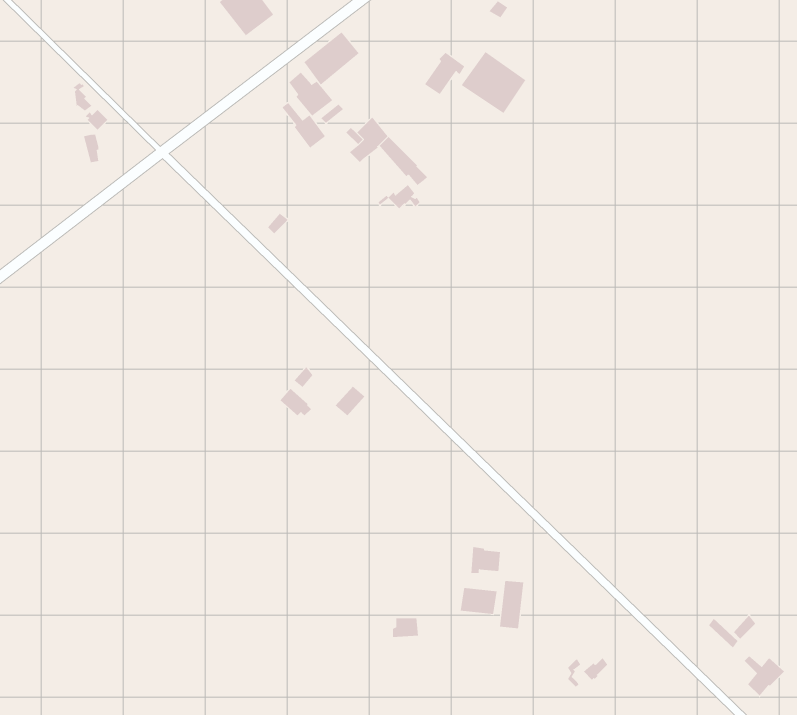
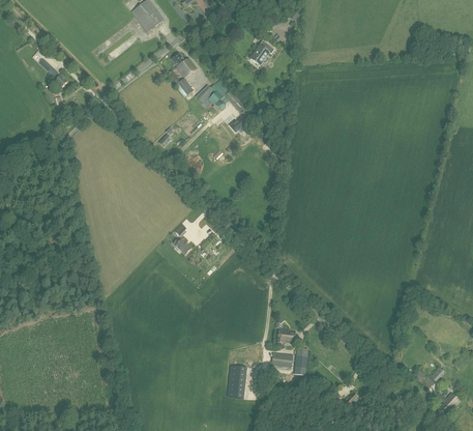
building: [304,32,360,85] -> none
building: [461,51,526,114] -> none

